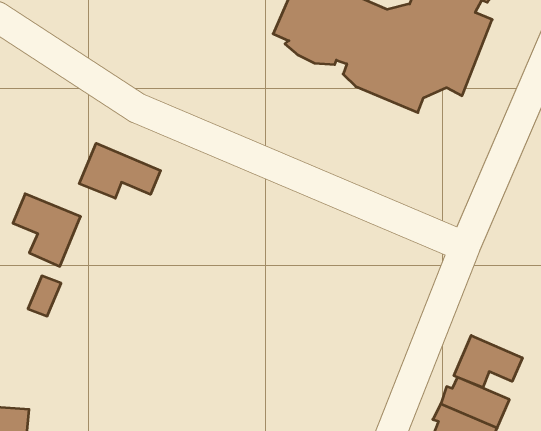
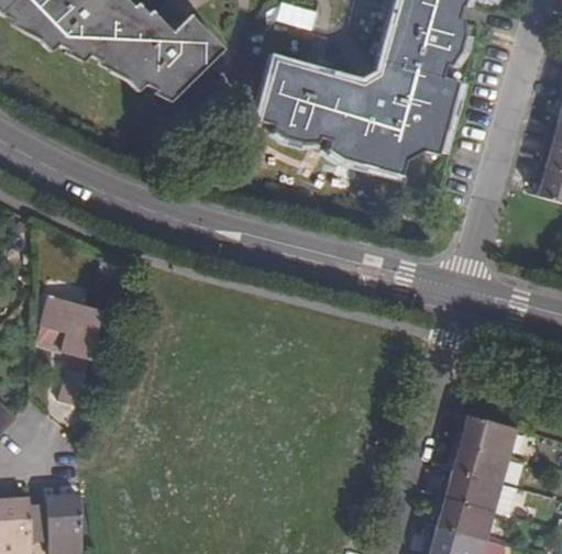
building: [79,143,161,198] -> none
building: [454,335,522,387] -> none

